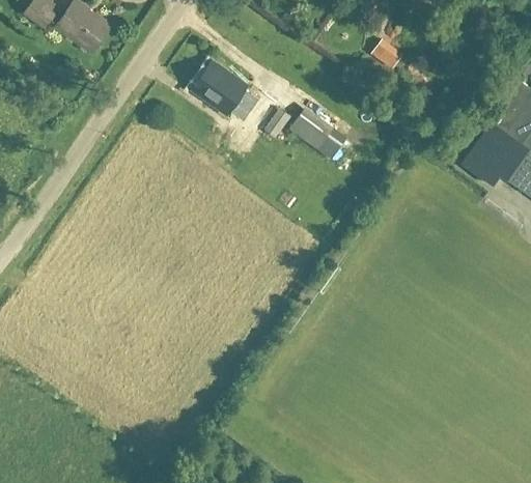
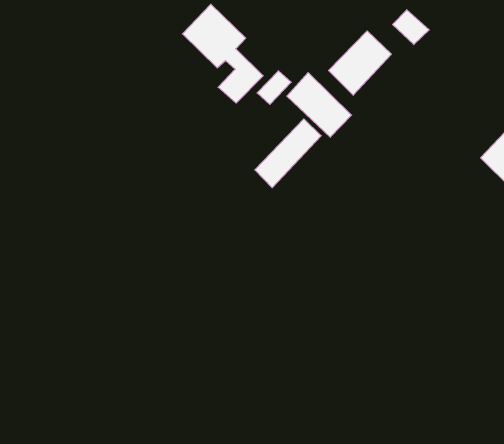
building: none -> [329,31,391,95]
building: none -> [255,119,321,188]

